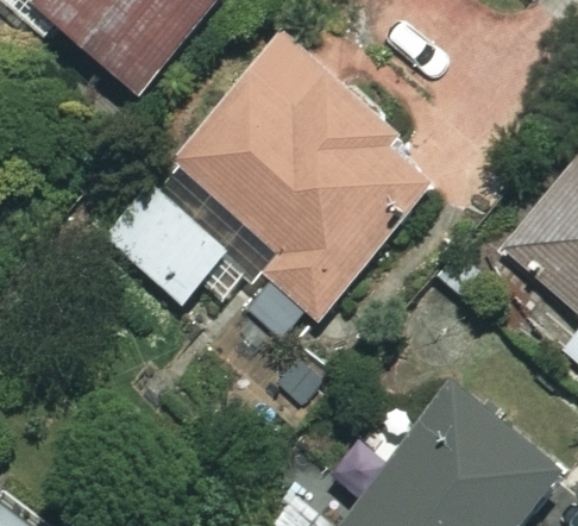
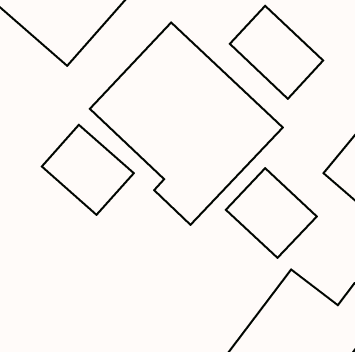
building: none -> [230,6,323,99]
building: none -> [226,168,317,258]

